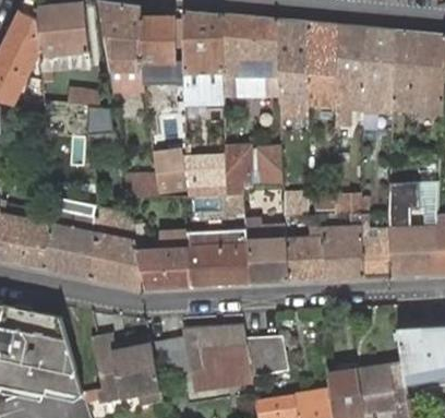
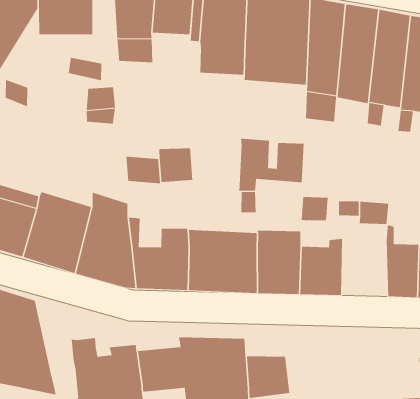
building: [185,155,227,196] -> none
building: [322,228,365,279] -> none

